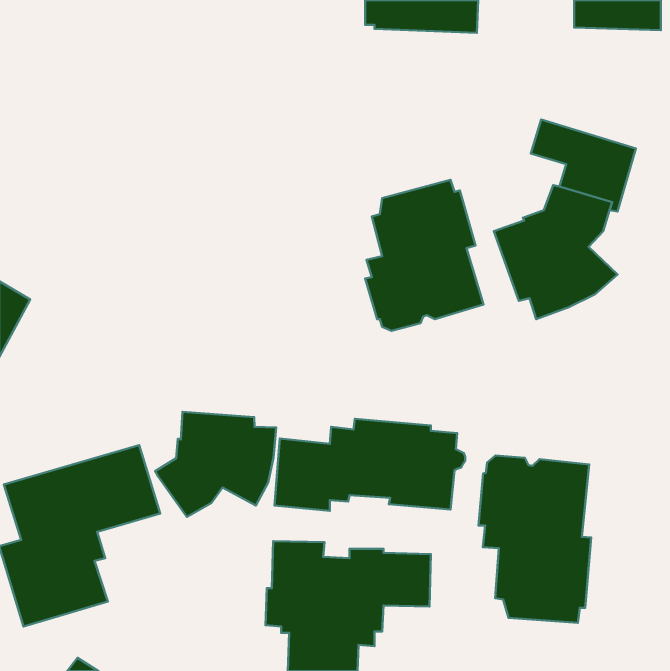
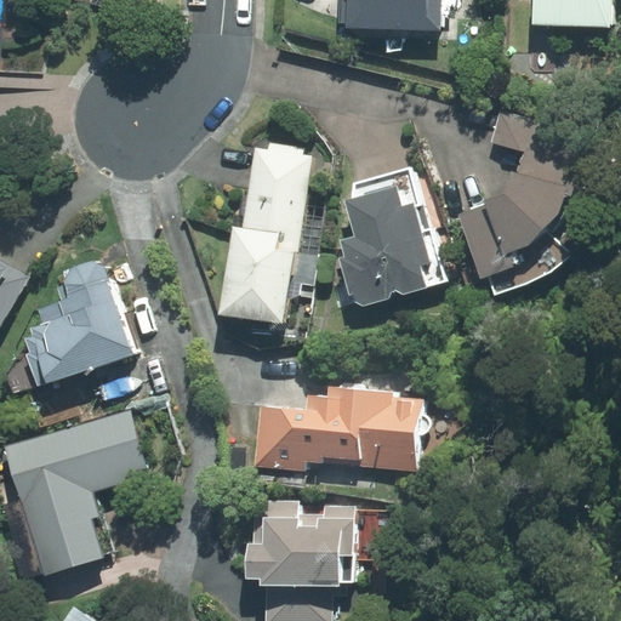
building: none -> [217,143,318,323]
building: none -> [6,261,133,394]
building: [155,412,276,517] -> none
building: [478,456,591,623] -> none

